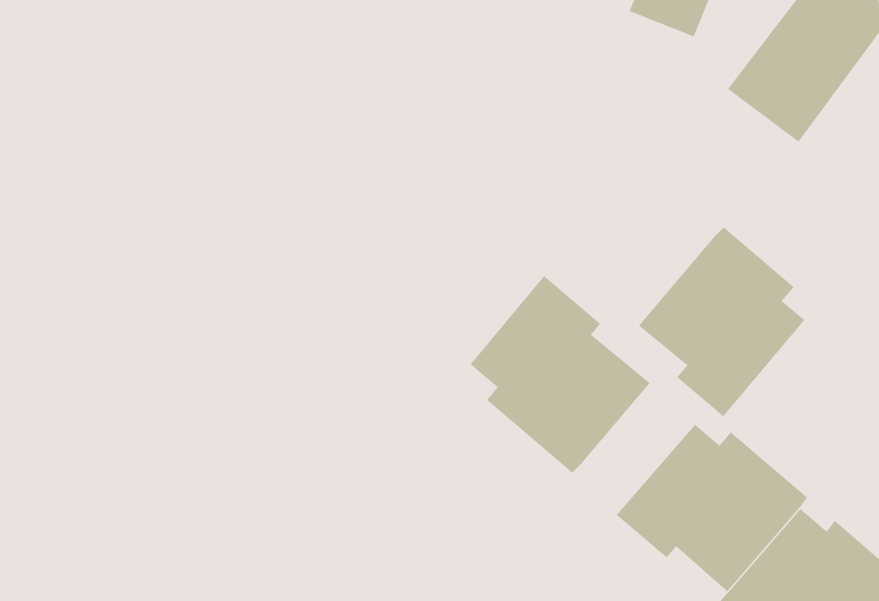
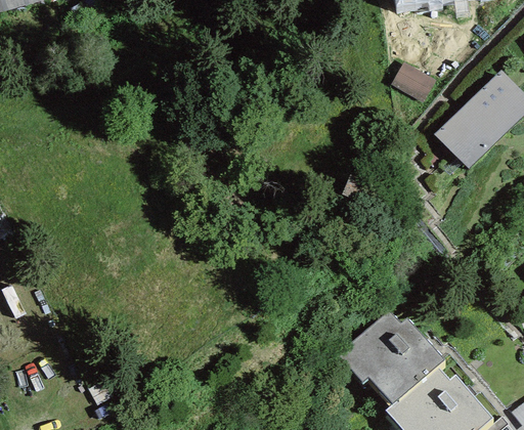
building: [638,226,805,417] -> none
building: [470,275,650,474] -> none

